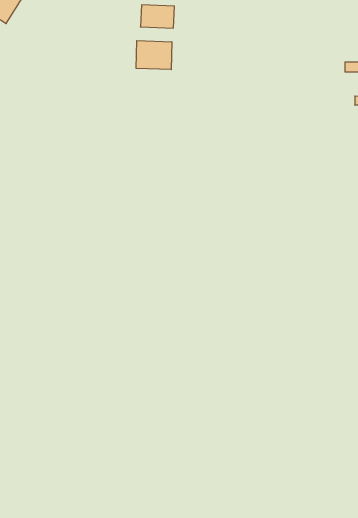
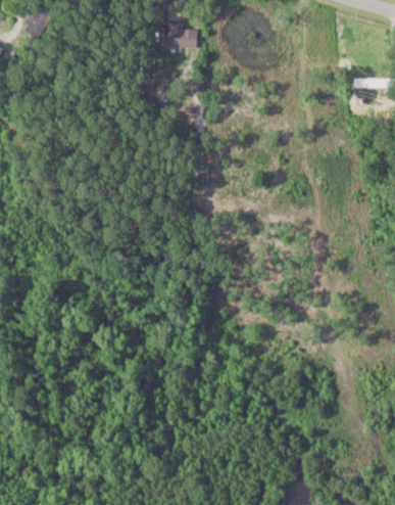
building: [136,41,172,70] -> none

